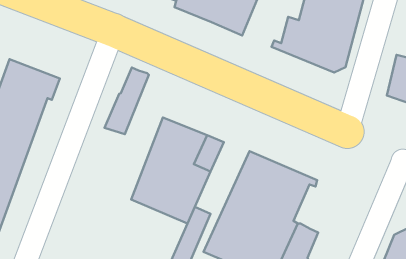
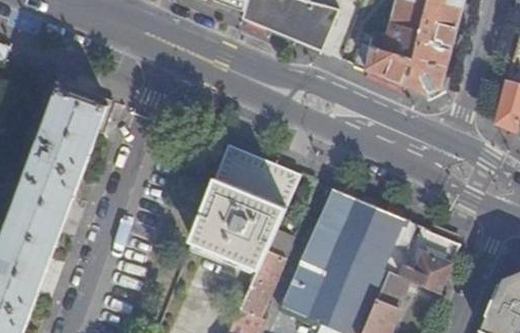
building: [104,68,149,134] -> none
building: none -> [401,234,460,294]

